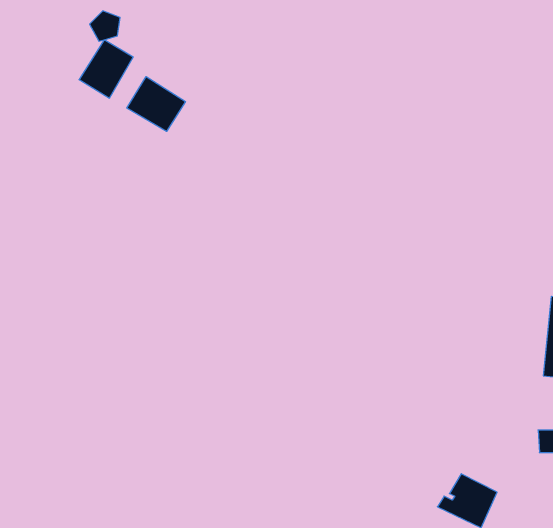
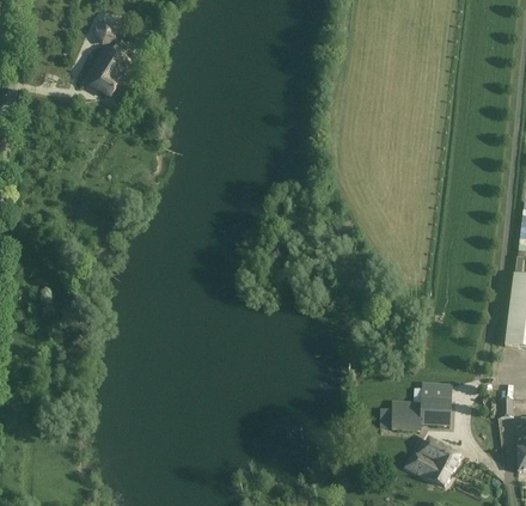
building: [127,77,185,131] -> none
building: none -> [390,382,451,431]

